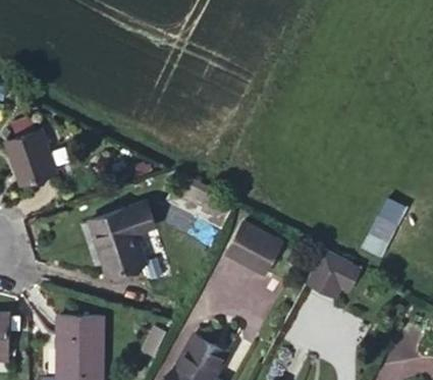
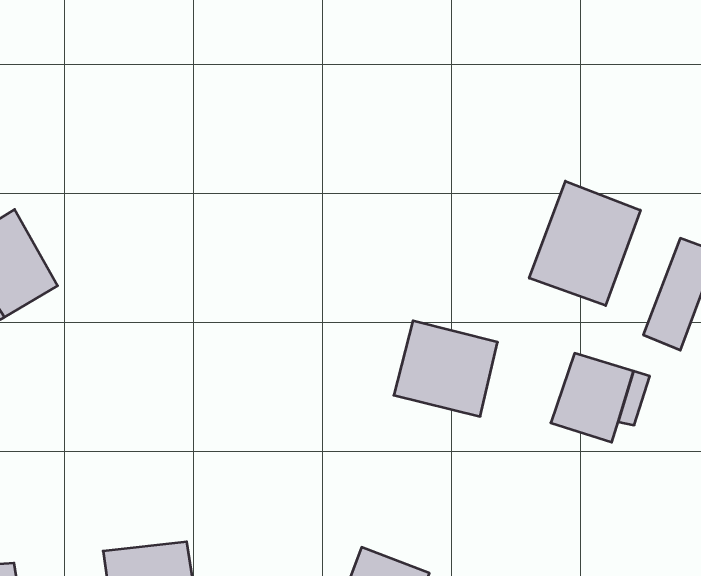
building: none -> [529,181,640,306]
building: [89,209,147,276] -> none

